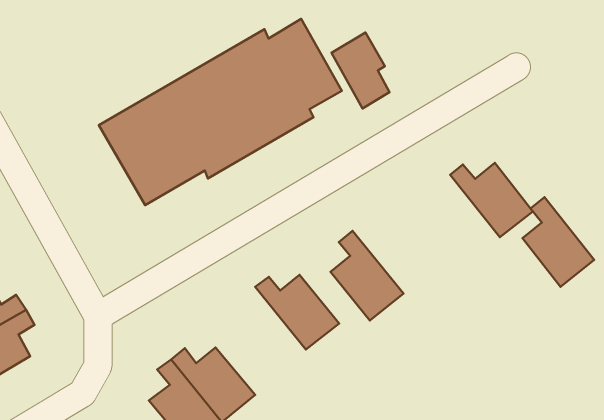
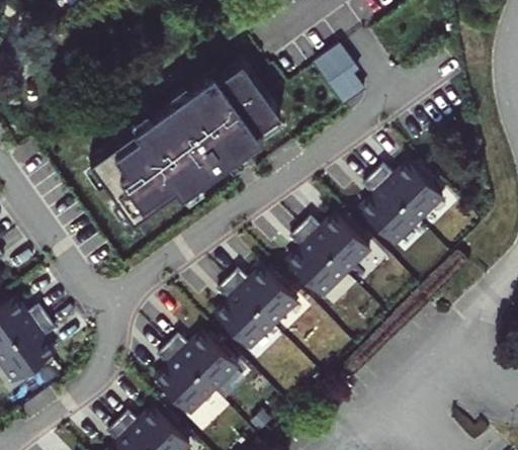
building: [331,32,390,108] -> [315,46,364,106]
building: [522,197,594,287] -> [360,176,419,246]
building: none -> [301,215,370,274]
building: none -> [215,281,274,351]

